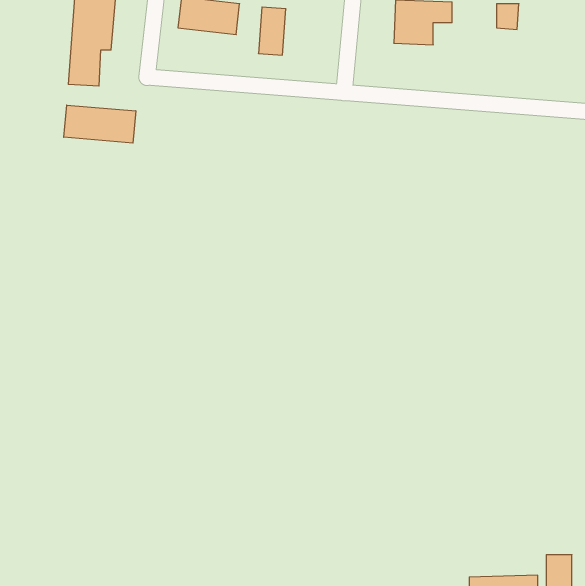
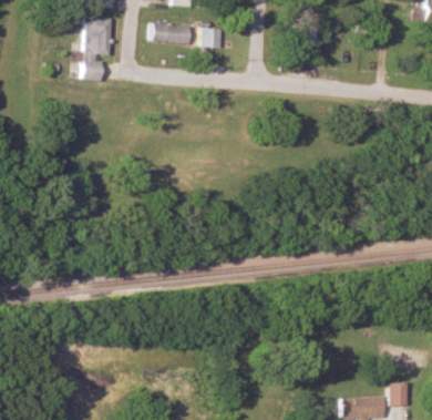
building: [64,105,136,143] -> none

